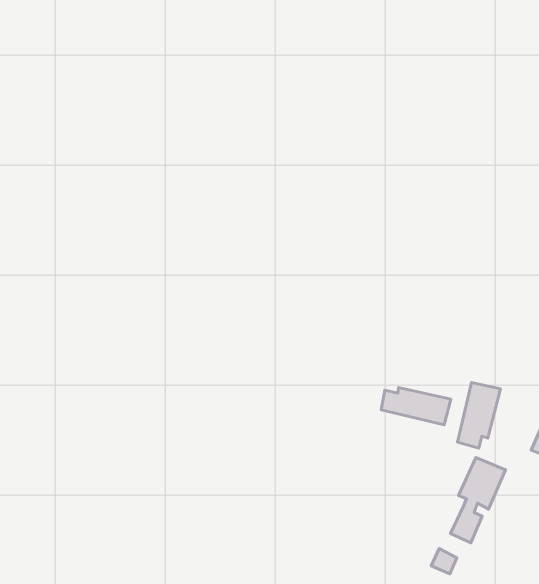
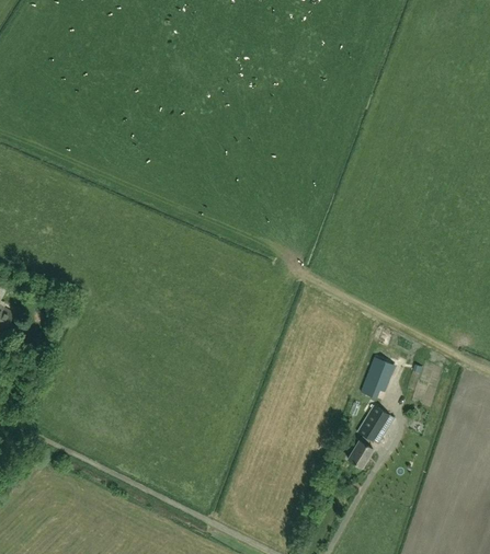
building: [381,387,451,425] -> none

